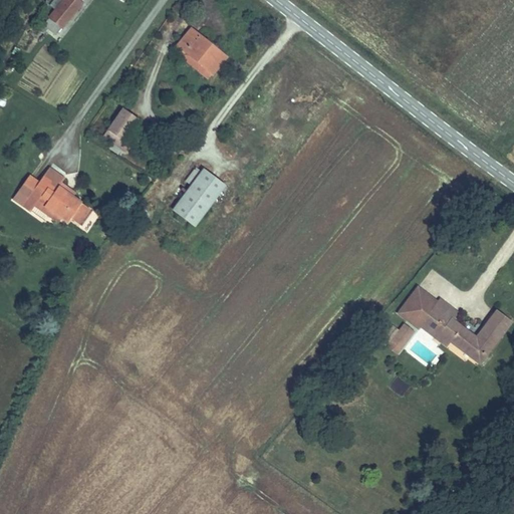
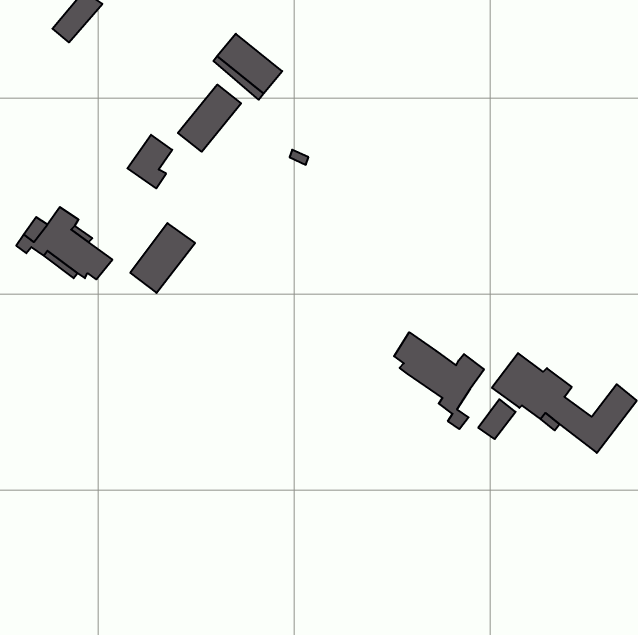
building: none -> [178,85,241,152]
building: [173,169,225,225] -> [130,223,195,293]
building: none -> [394,332,484,429]

